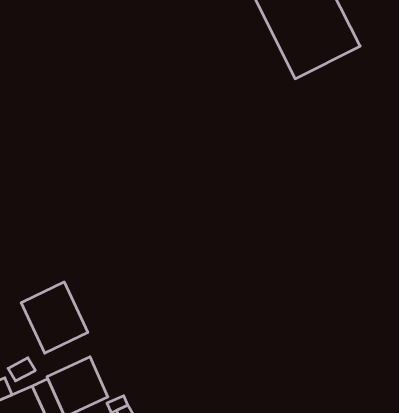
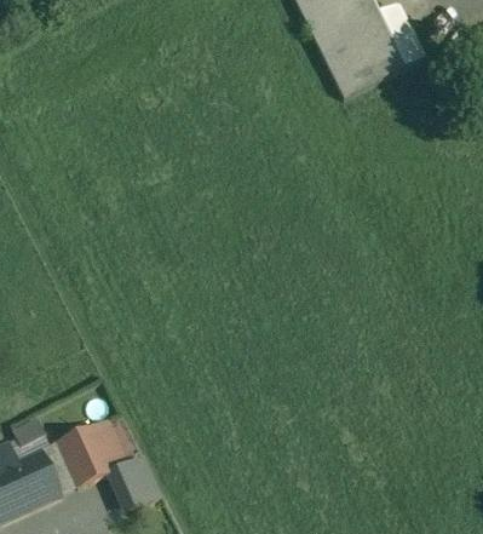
building: [21,282,88,353] -> none

